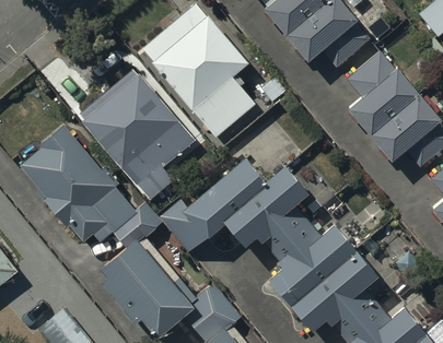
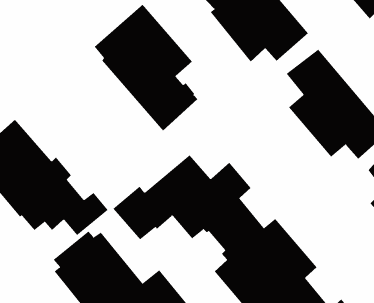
building: [80,69,195,201] -> none

